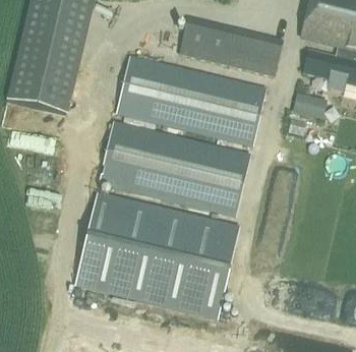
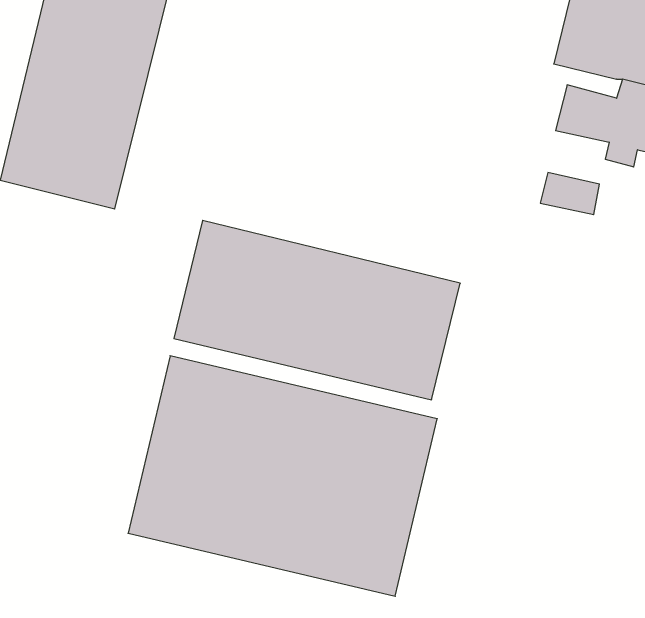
building: [179,16,284,76] -> none
building: [116,56,266,144] -> none

